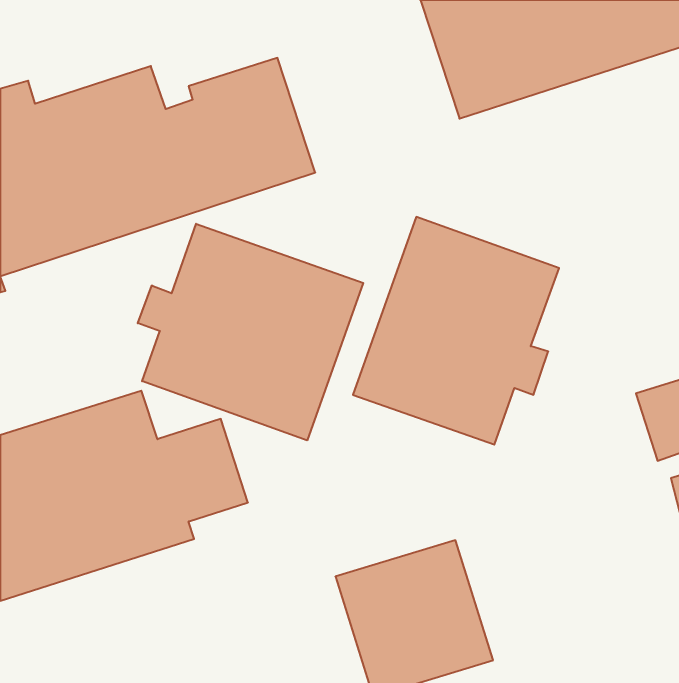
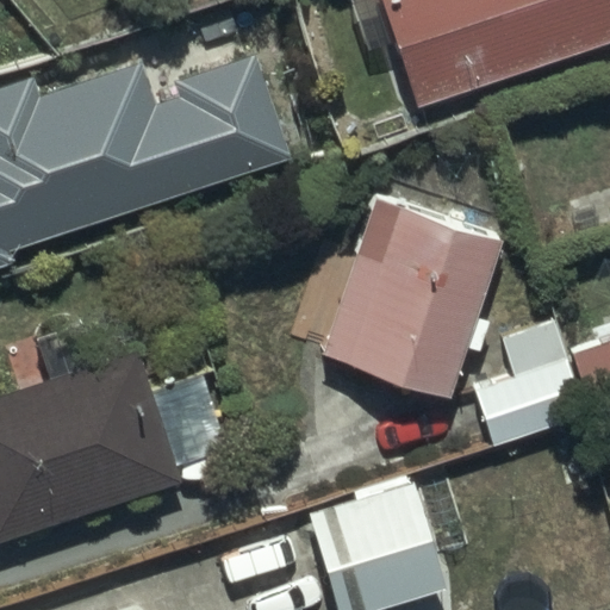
building: [138,224,363,440] -> none
building: none -> [477,320,586,444]

